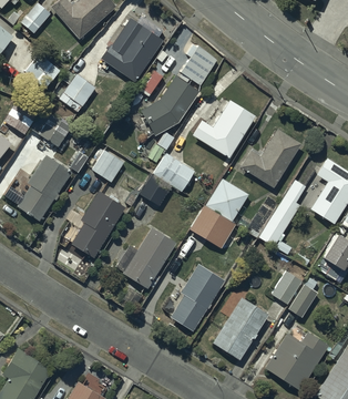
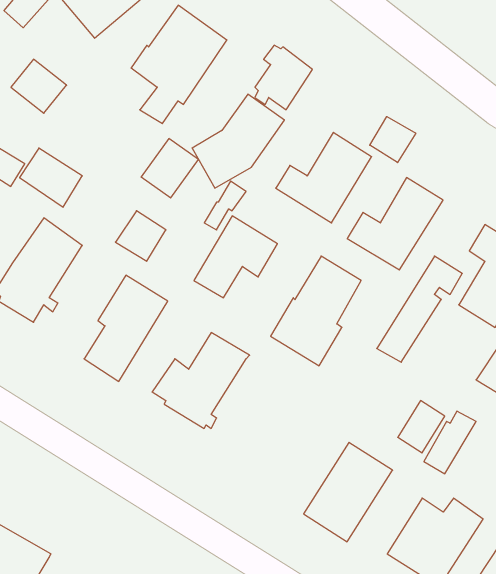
building: [60,74,96,112] -> [141,139,199,198]
building: none -> [370,117,416,163]
building: [171,264,225,331] -> none

